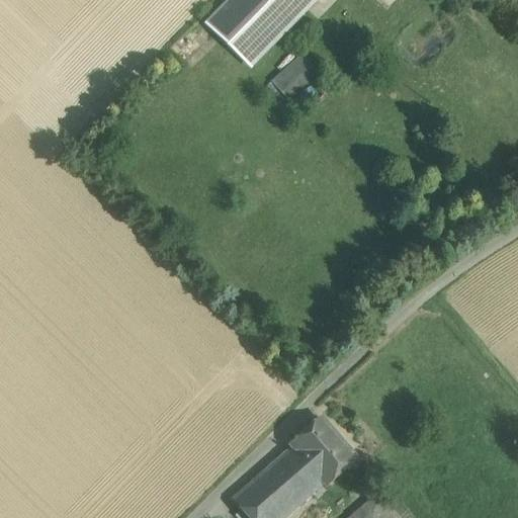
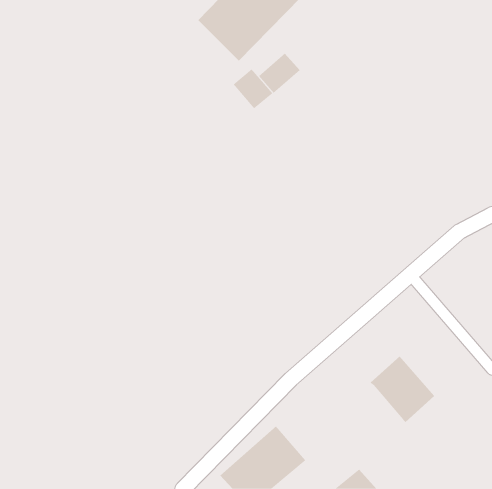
building: none -> [233,69,273,109]
building: [287,416,356,487] -> [370,355,435,423]

